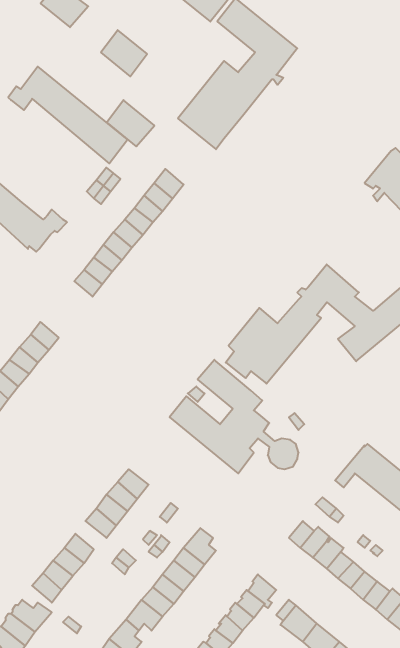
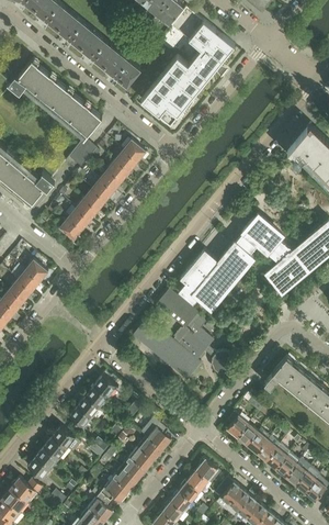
building: none -> [56,14,93,51]
building: [107,100,154,146] -> [103,52,140,88]

